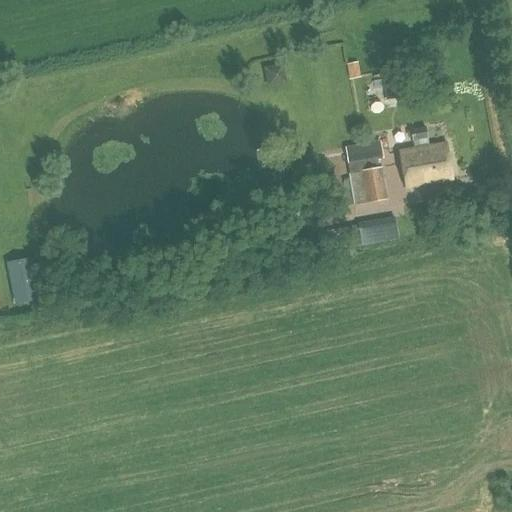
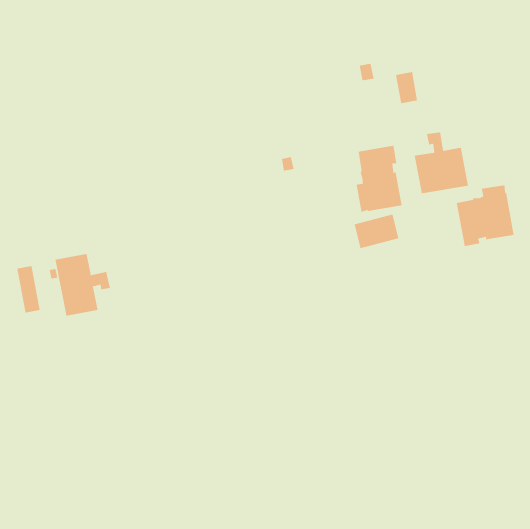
building: none -> [456,184,514,247]
building: none -> [55,253,110,317]

